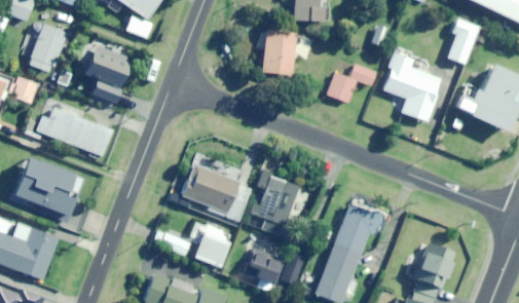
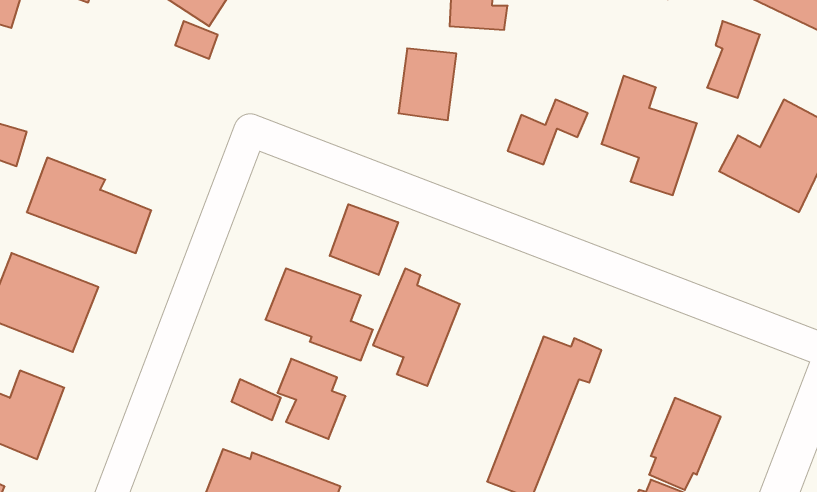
building: [29,26,65,72] -> none
building: [84,45,127,100] -> none
building: none -> [330,204,398,275]
building: [242,248,297,286] -> none

